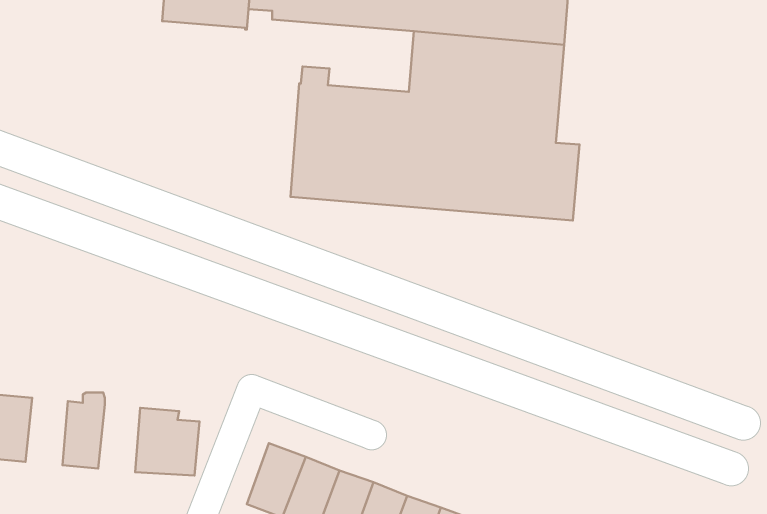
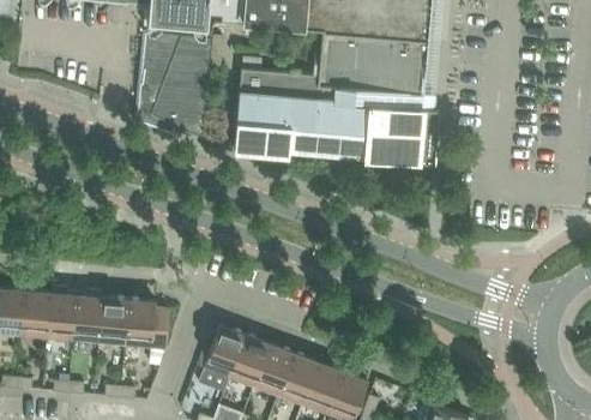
building: none -> [150,36,211,140]
building: none -> [47,295,77,343]
building: none -> [98,300,128,348]

